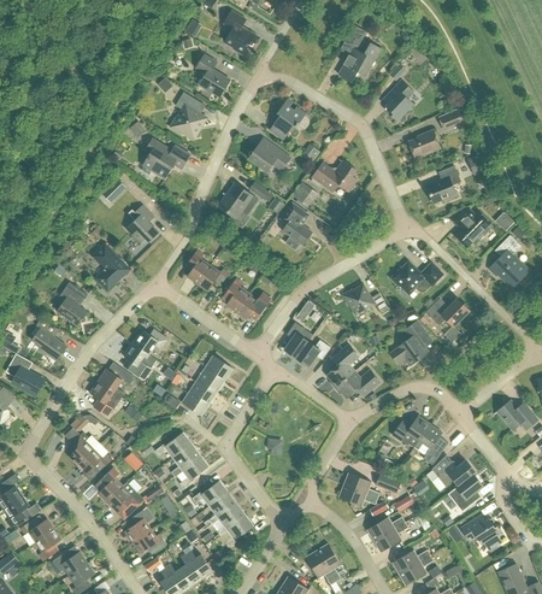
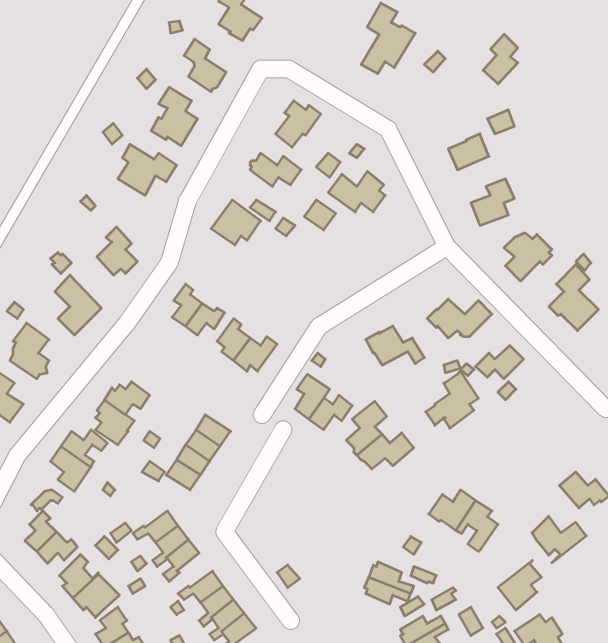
building: [384,80,412,119] -> [483,34,518,84]
building: [282,204,311,248] -> none
building: [431,455,475,493] -> [532,516,586,563]

